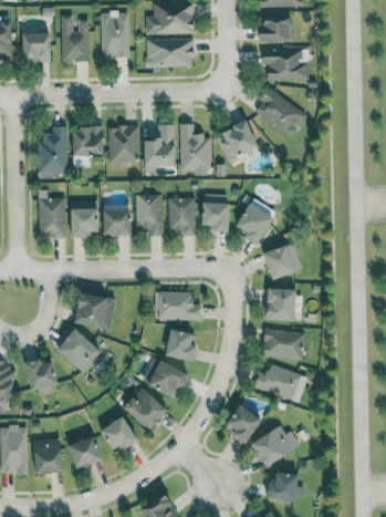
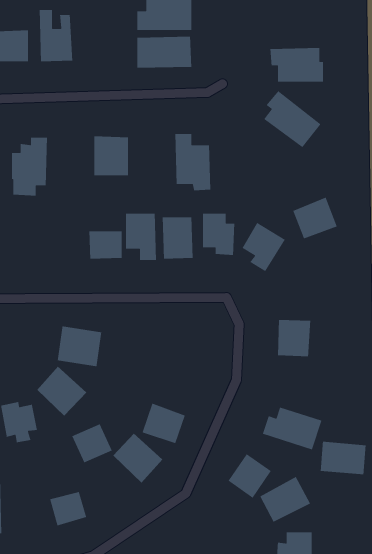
building: [100,12,129,63] -> none
building: [259,13,292,41] -> none
building: [217,124,257,164] -> none
building: [144,125,176,165] -> none
building: [73,128,104,156] -> none
building: [36,189,65,238] -> none
building: [71,200,100,237] -> none
building: [262,241,302,279] -> [292,196,338,239]
building: [153,290,201,320] -> none
building: [166,328,197,360] -> none
building: [263,329,304,359] -> [320,441,367,475]
building: [101,416,137,452] -> [71,423,113,464]
building: [33,438,63,474] -> none

